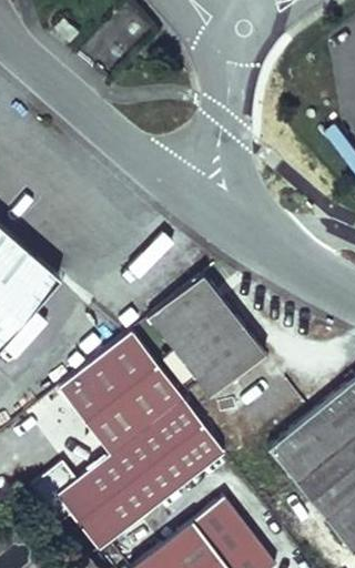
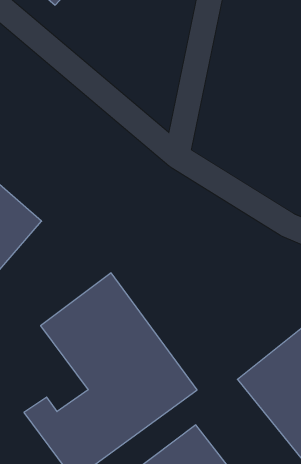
building: [148,276,265,398] -> none

